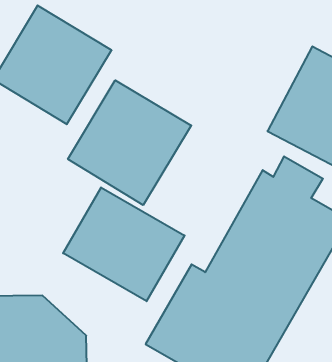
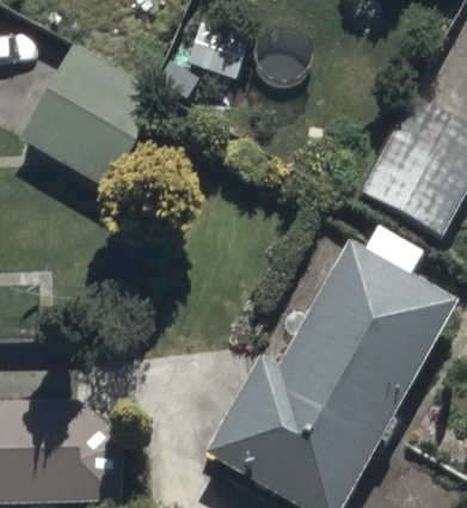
building: [68,80,191,205] -> none
building: [63,187,185,301] -> none

